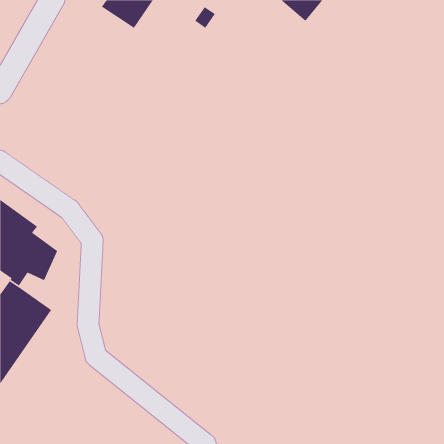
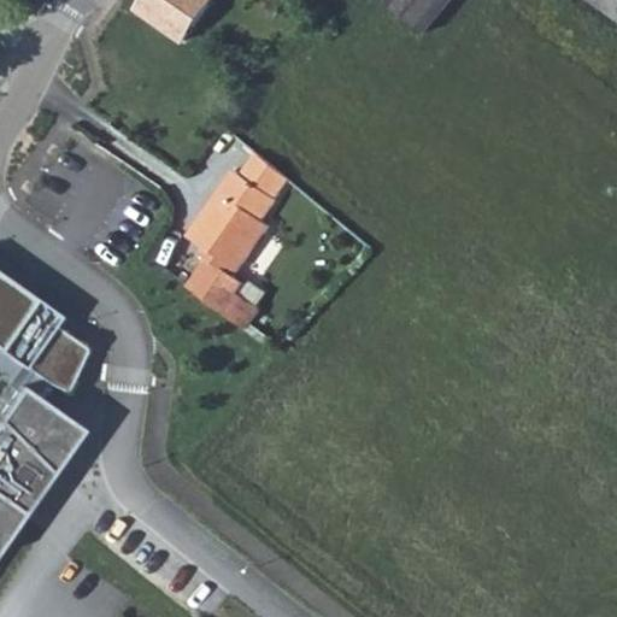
building: none -> [187,155,288,328]

